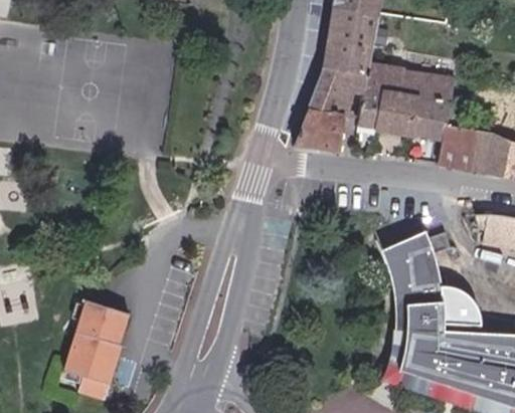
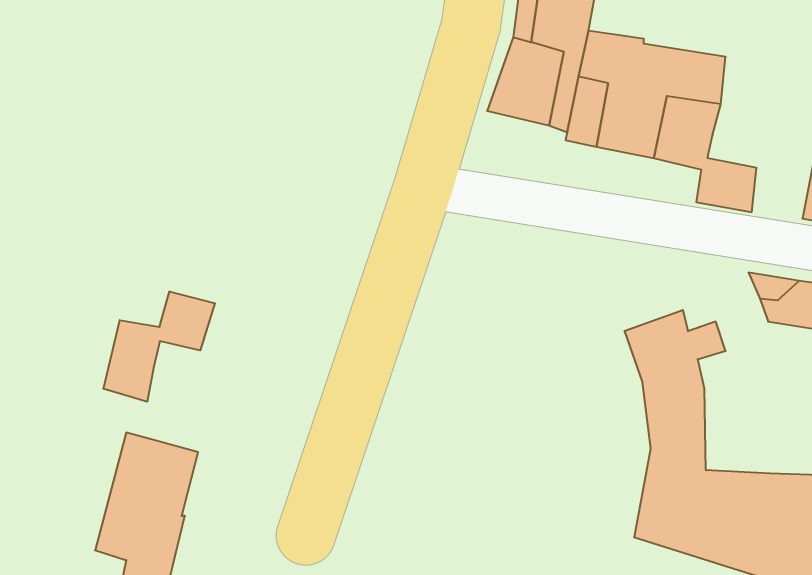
building: [296,109,346,150] -> none
building: [444,124,492,173] -> none
building: none -> [104,291,215,402]
building: [442,279,482,332] -> none

